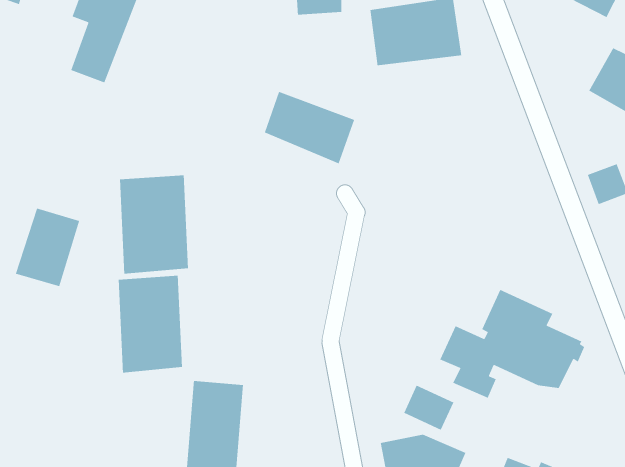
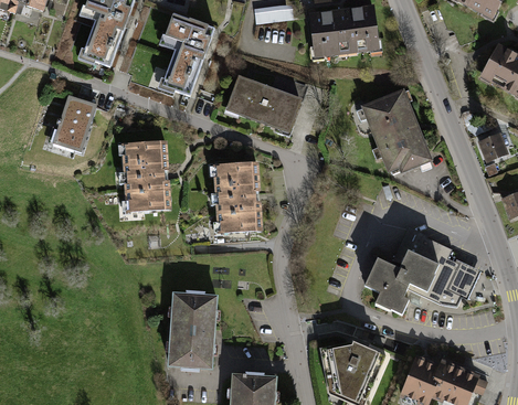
building: none -> [161,19,214,103]
building: none -> [368,93,430,171]
building: [15,208,80,287] -> [43,95,93,156]
building: [118,275,183,373] -> [208,159,257,234]
building: [403,385,454,431] -> none

